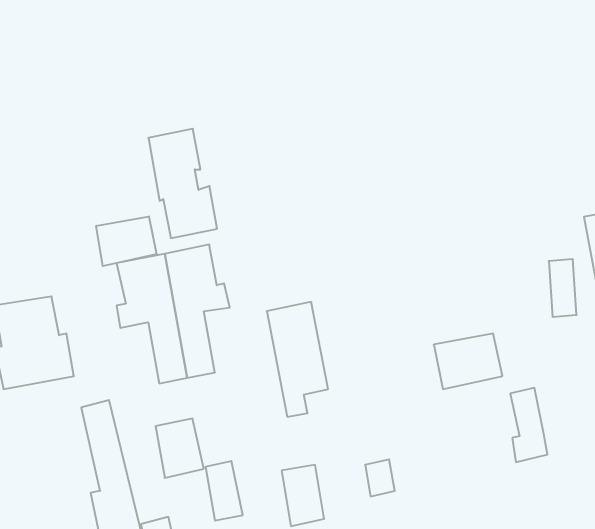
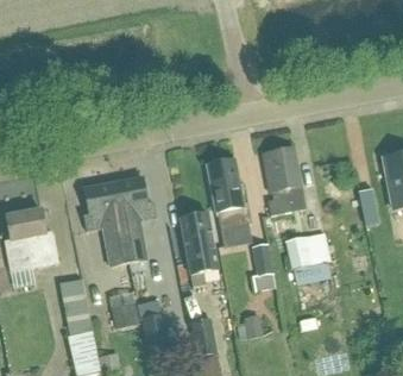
building: [148,129,217,238] -> [207,158,251,228]
building: none -> [263,148,304,215]
building: [96,216,156,266] -> none
building: [510,388,547,462] -> [251,243,275,290]

